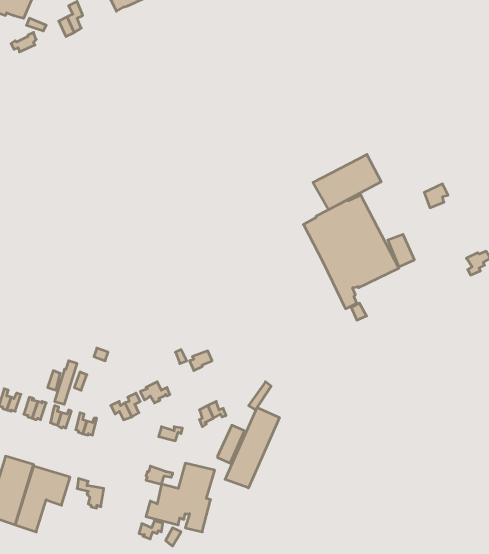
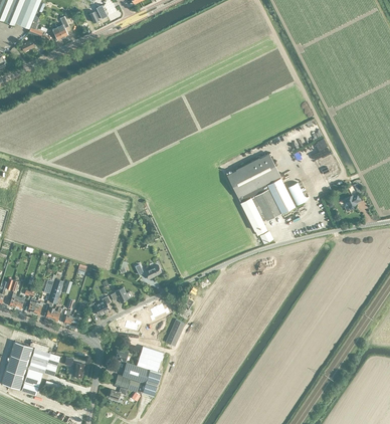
building: [313,154,381,210] -> none
building: [225,408,279,488] -> none

